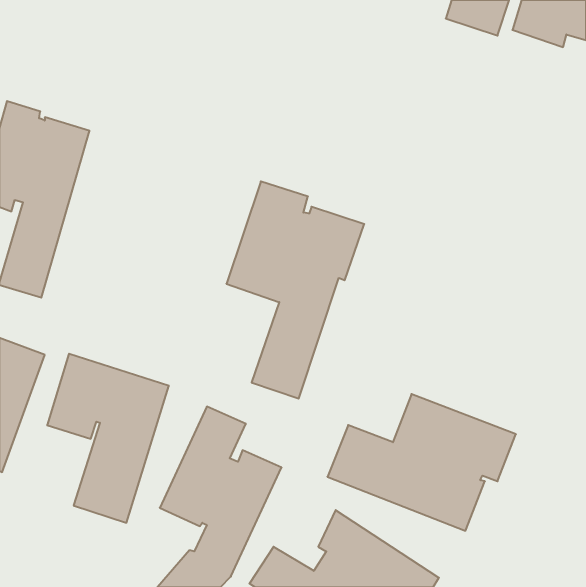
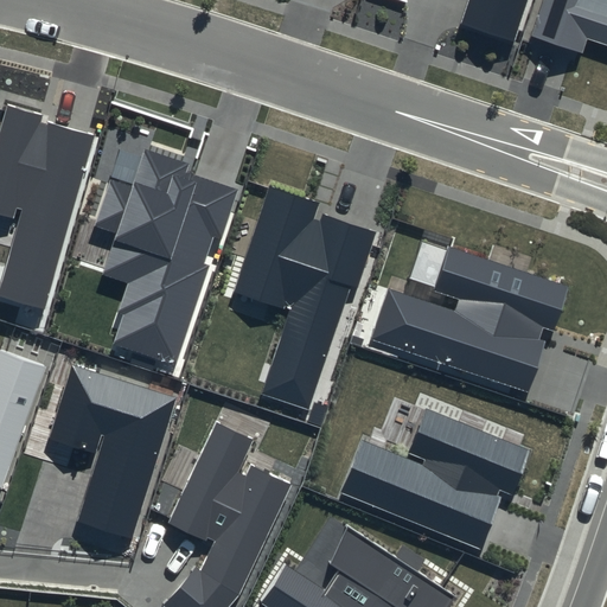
building: none -> [91,148,236,364]
building: none -> [370,245,568,392]

